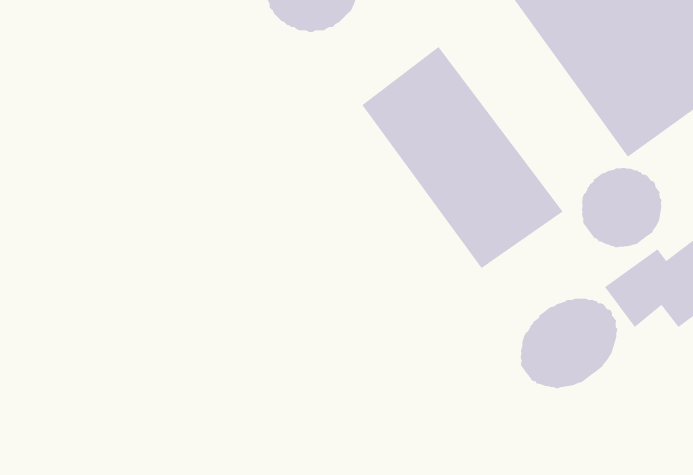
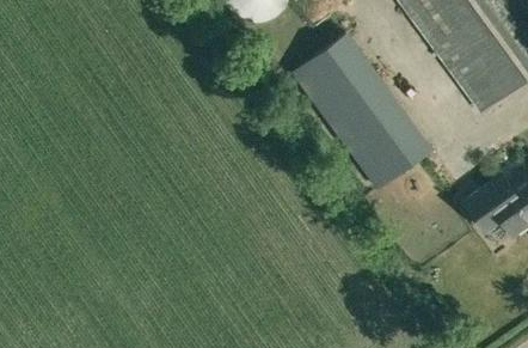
building: [581,167,662,248] -> none
building: [520,298,618,389] -> none

